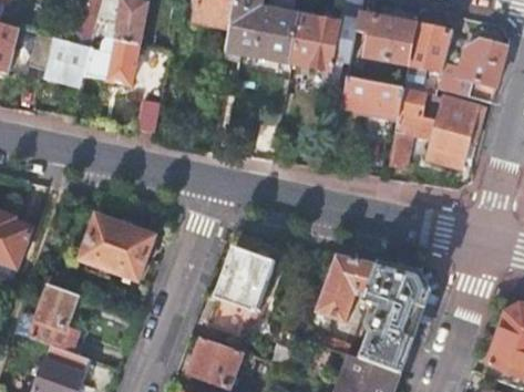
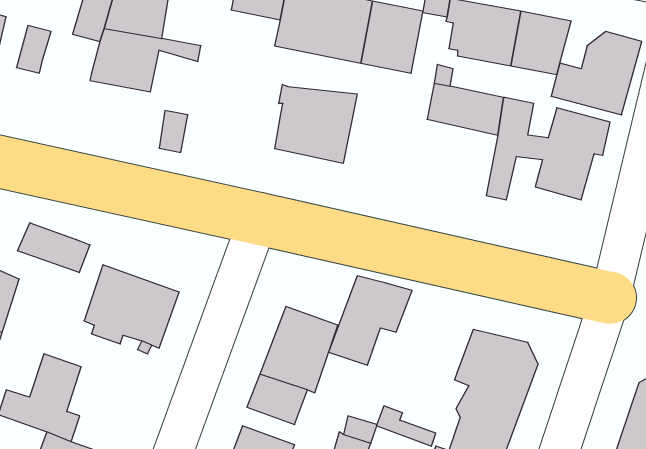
building: [48,34,92,69] -> none
building: none -> [275,84,357,163]
building: none -> [18,223,90,273]
building: [315,255,379,323] -> [329,276,412,365]

